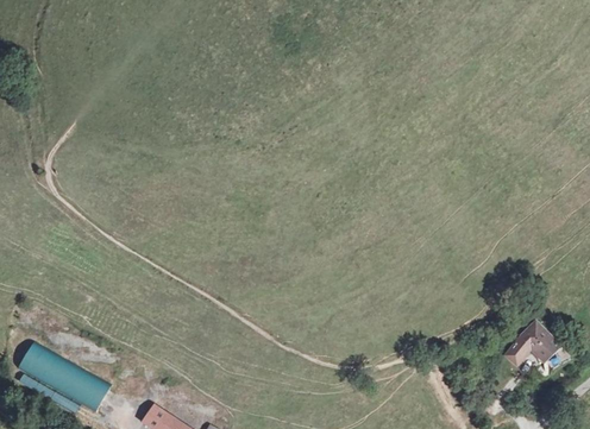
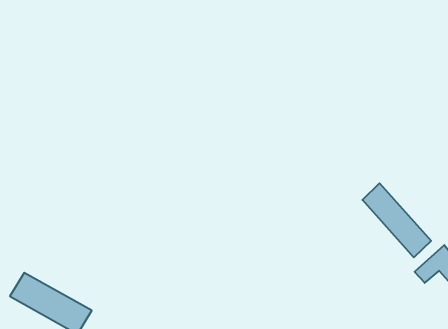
building: none -> [362,183,431,257]

